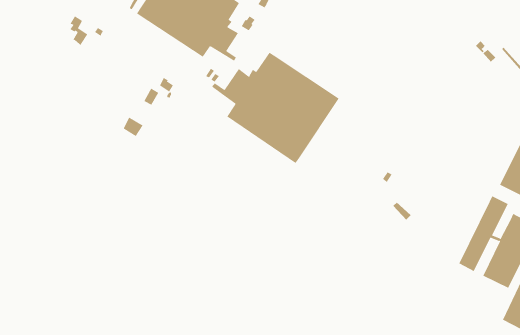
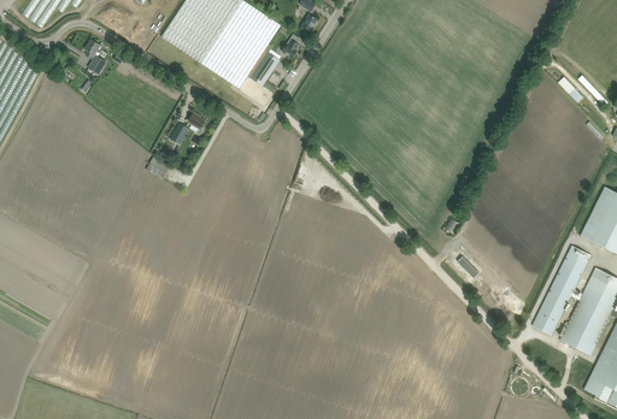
building: [211,52,340,164] -> none

